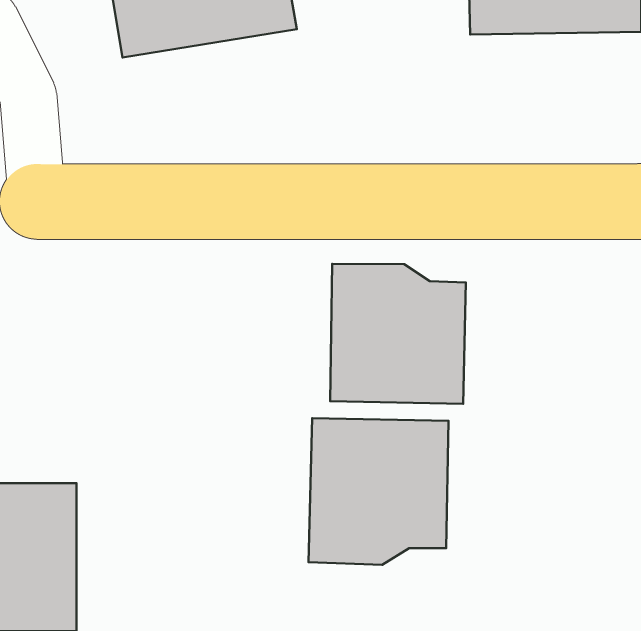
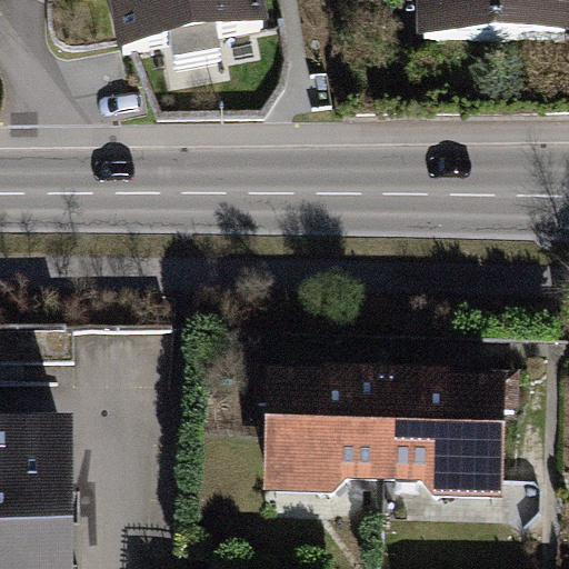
building: [330,264,466,404] -> none
building: none -> [389,367,510,496]

